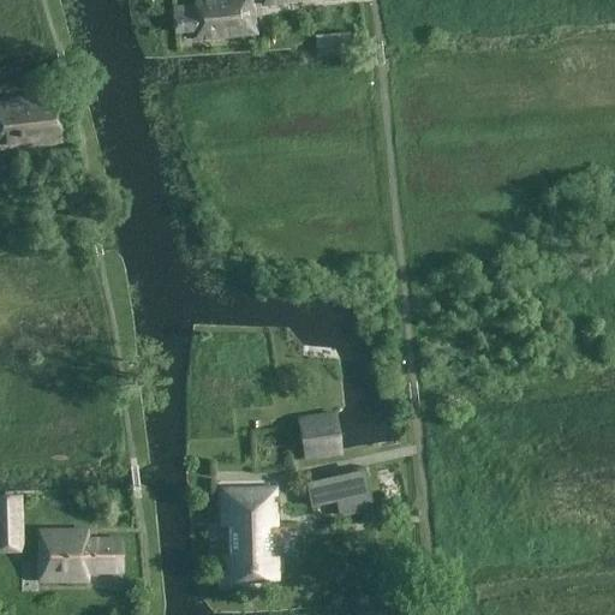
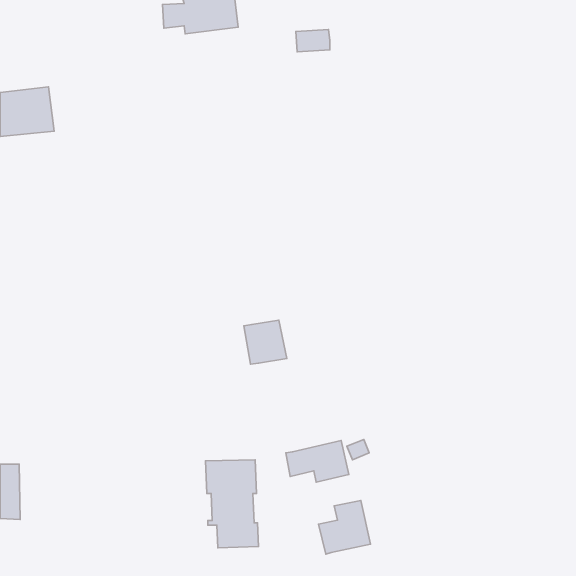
building: [295,412,341,459] -> [244,320,287,364]
building: none -> [318,501,370,554]
building: [35,533,119,580] -> none

